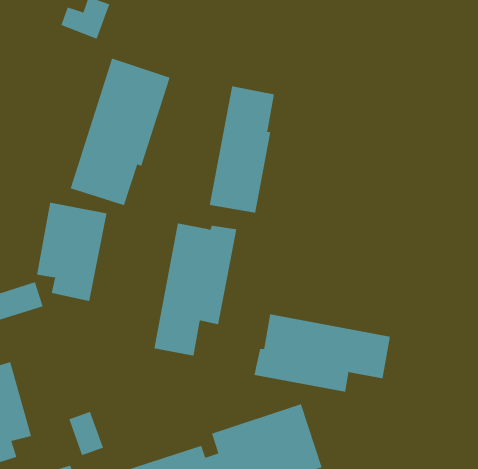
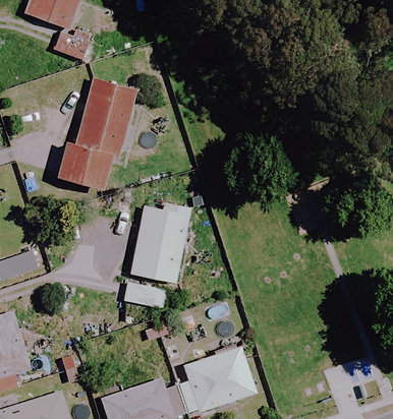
building: [209,85,275,214] -> none
building: [37,202,107,302] -> none
building: [254,313,391,392] -> none

